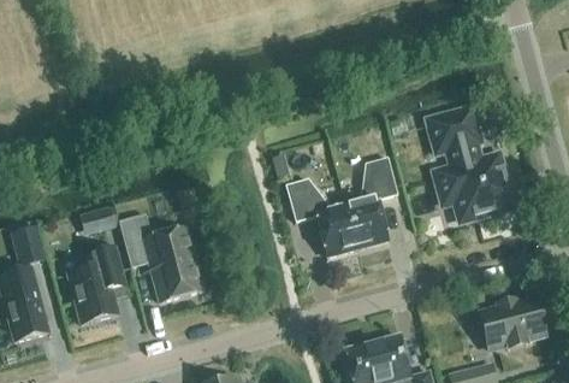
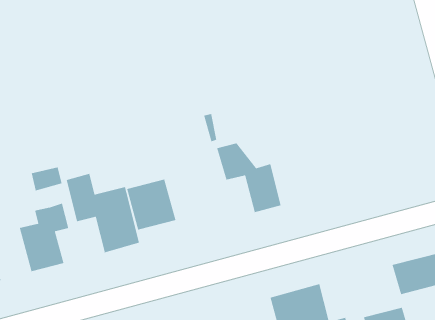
building: [434,108,512,222] -> none
building: [345,158,398,249] -> none
building: none -> [126,179,176,230]

